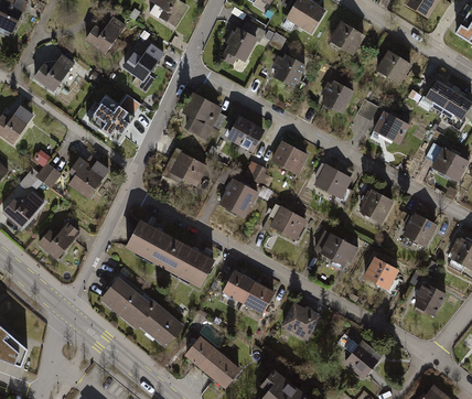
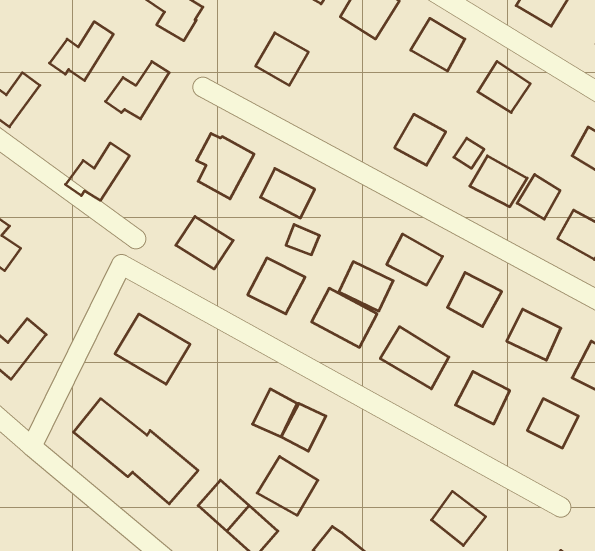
building: [271,53,305,87] -> none
building: [422,78,452,109] -> [517,174,560,219]
building: [270,141,308,175] -> [339,262,393,311]
building: [64,161,108,202] -> none
building: [161,239,212,288] -> none
building: [278,300,320,341] -> [257,456,318,515]

